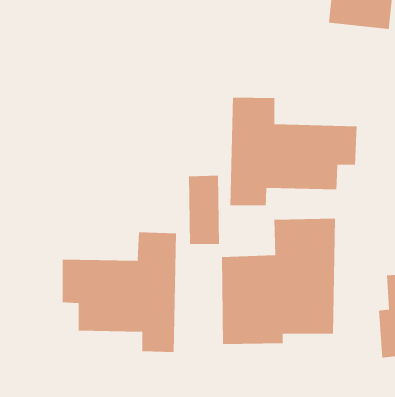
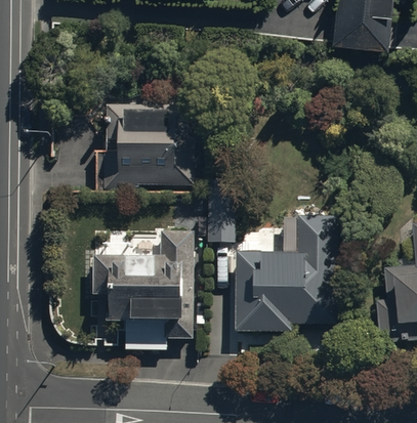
building: none -> [94,107,197,195]
building: [230,97,357,206] -> none

